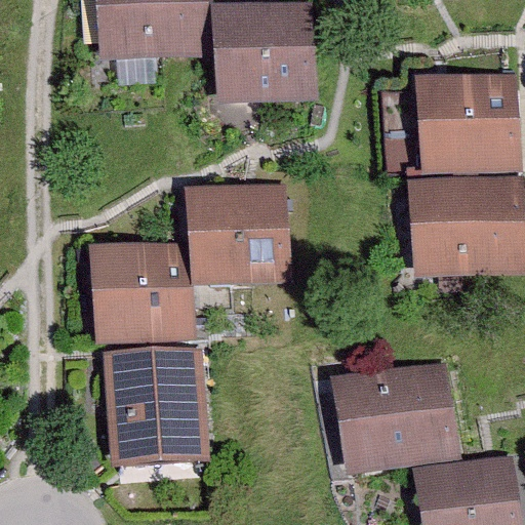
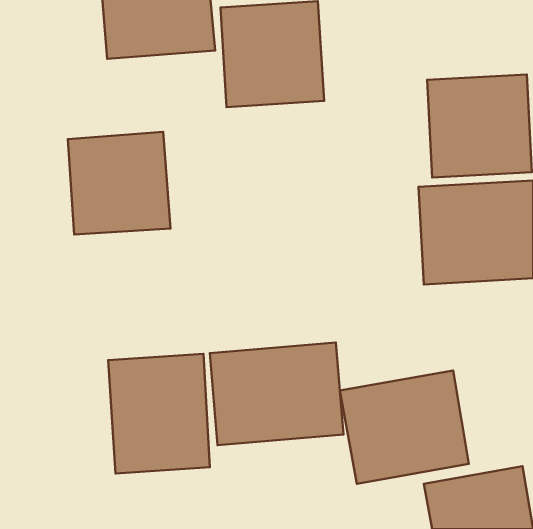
building: [186,184,291,286] -> none
building: [90,241,191,341] -> [68,132,171,235]
building: none -> [210,343,344,445]

